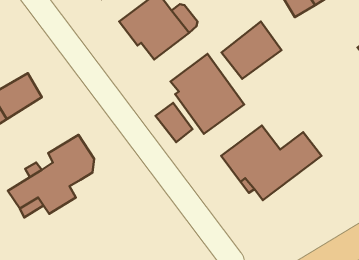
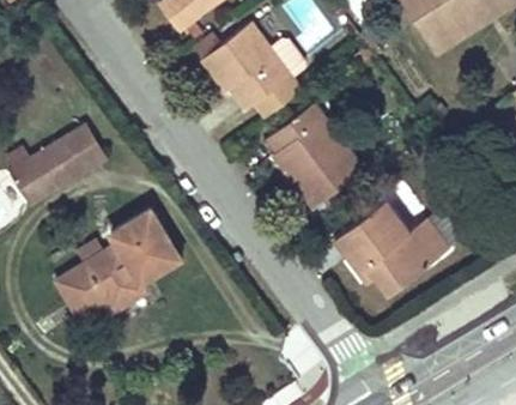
building: [222,22,282,79] -> none
building: [155,103,193,142] -> none

